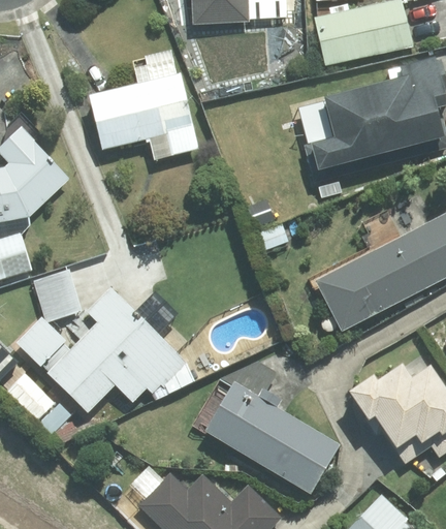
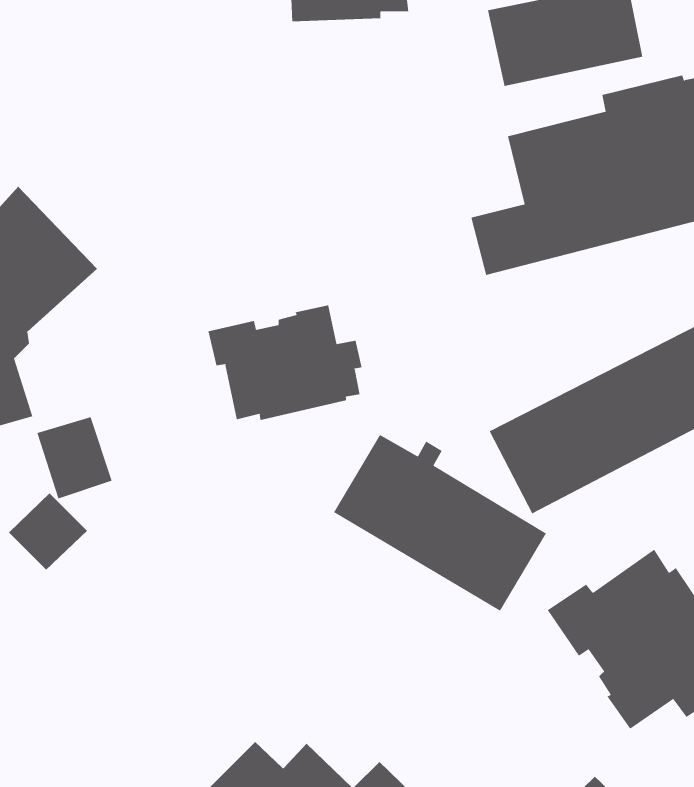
building: [90,74,199,160] -> none
building: none -> [208,305,362,421]
building: [46,297,188,413] -> none
building: [205,382,339,493] -> [333,434,547,611]

